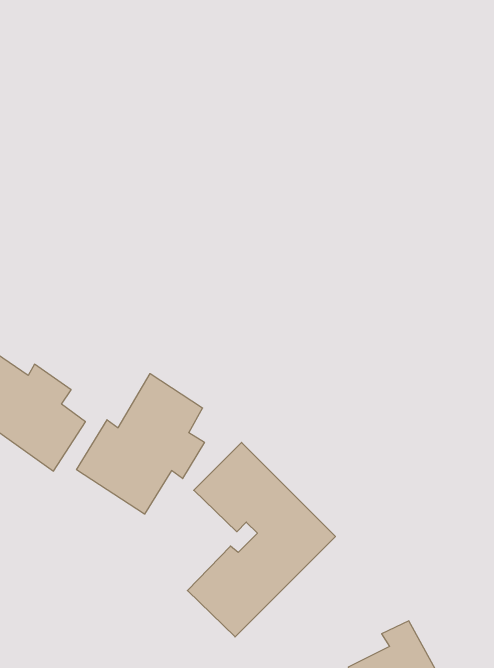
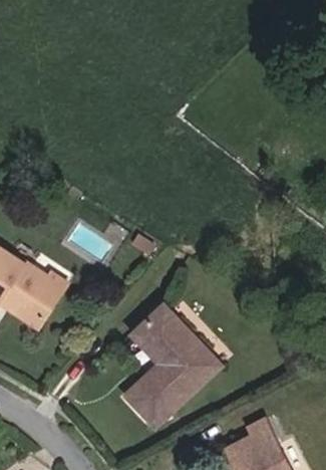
building: [77,374,204,514] -> none

